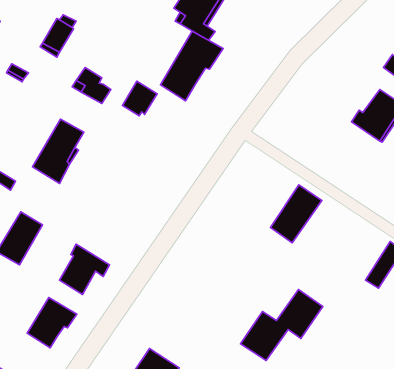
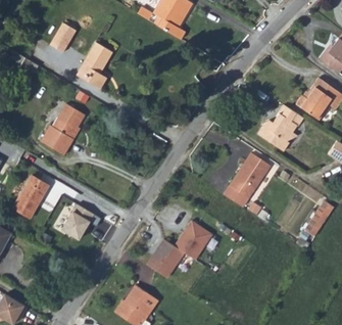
building: [160,31,223,101] -> none
building: [123,81,157,116] -> [83,41,110,68]
building: none -> [259,104,304,152]
building: [241,290,323,361] -> [146,221,211,277]
building: [27,297,77,348] -> none

